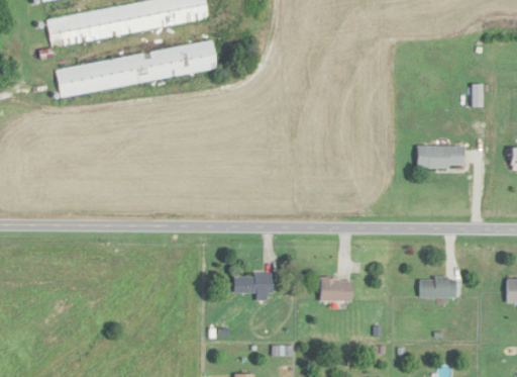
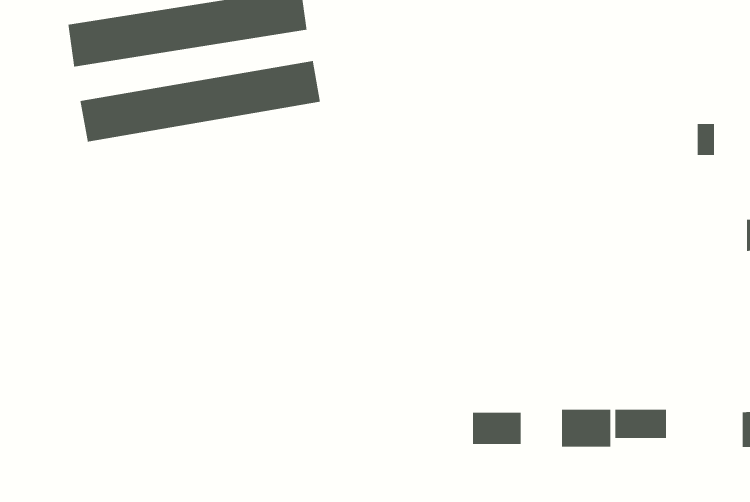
building: [419,147,461,168] -> none
building: [234,274,276,300] -> none
building: none -> [561,409,611,448]

